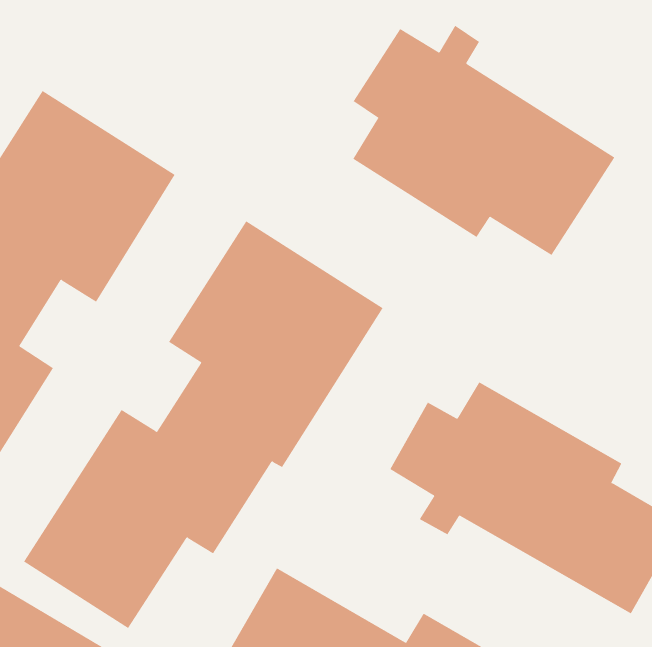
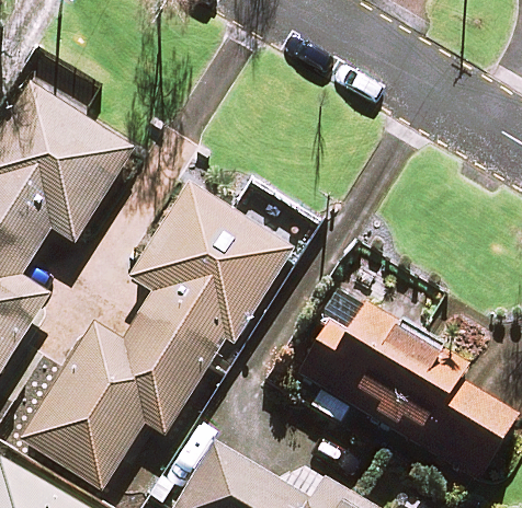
building: [352,25,615,256] -> none

